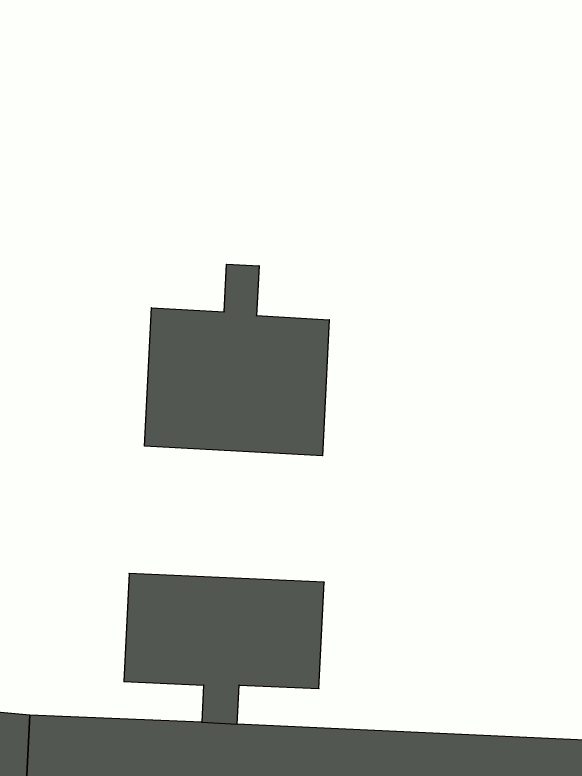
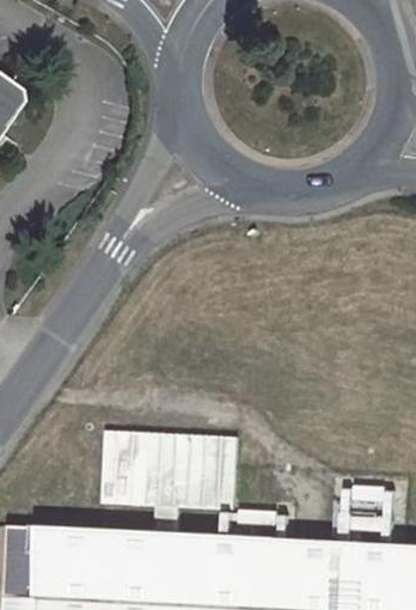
building: [145,264,329,456] -> none

